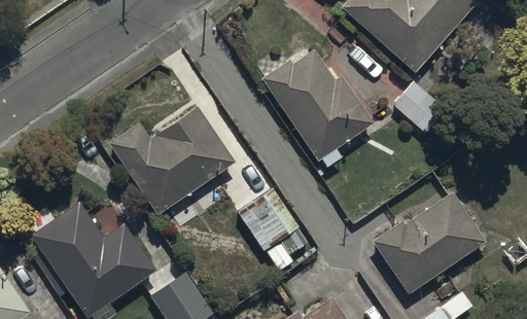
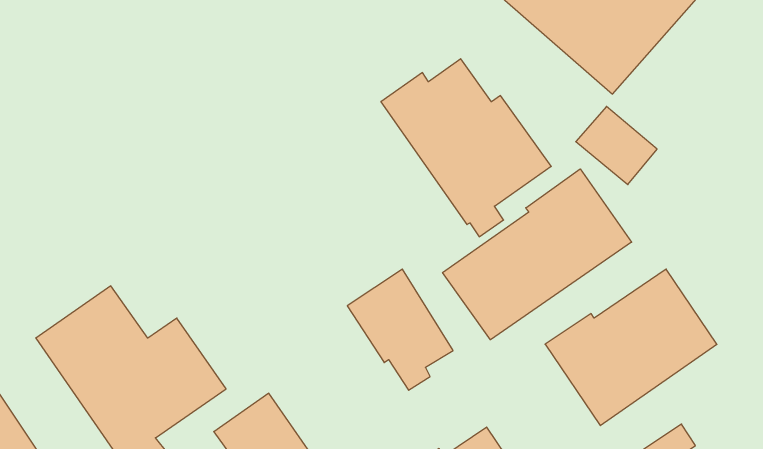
building: [107,105,237,216] -> none
building: none -> [443,169,632,340]

